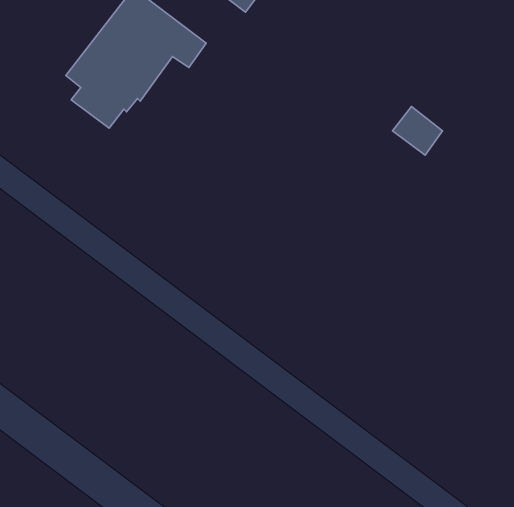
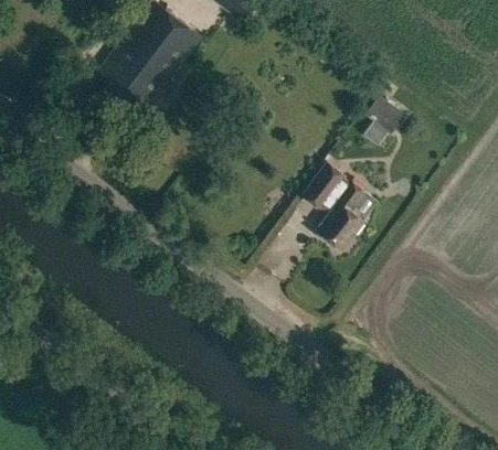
building: none -> [304,165,367,253]

